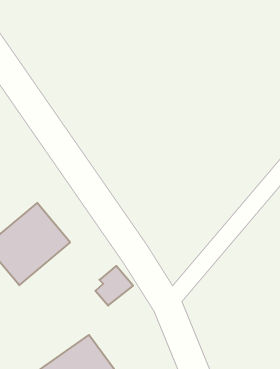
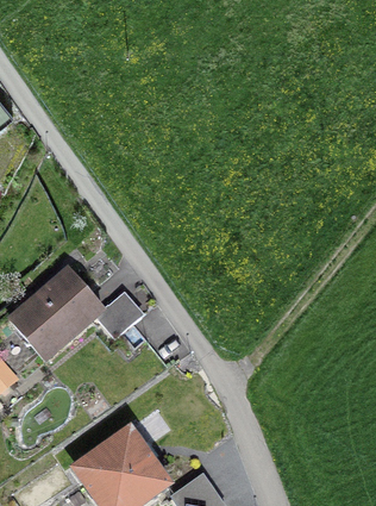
building: [95,266,133,306] -> [100,292,145,339]

